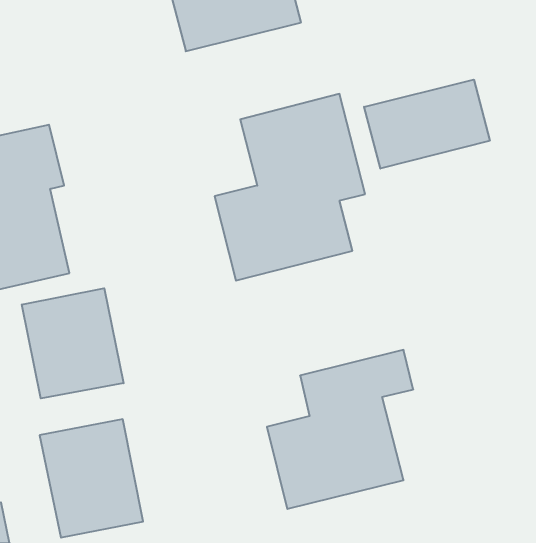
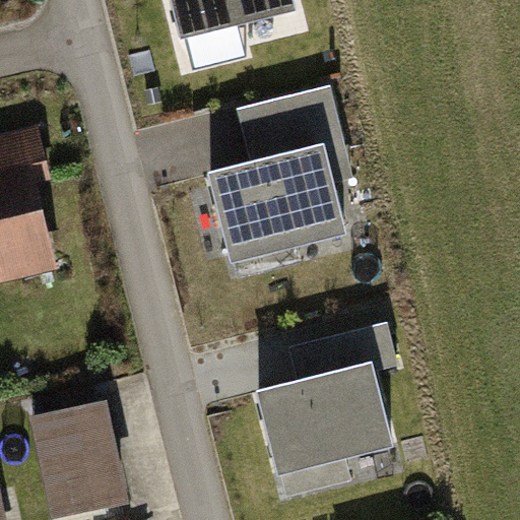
building: [364,80,490,169] -> none
building: [22,288,124,398] -> none

